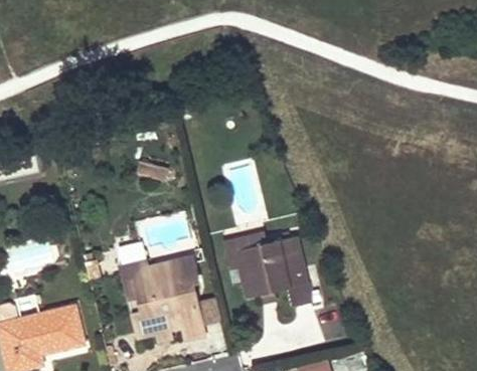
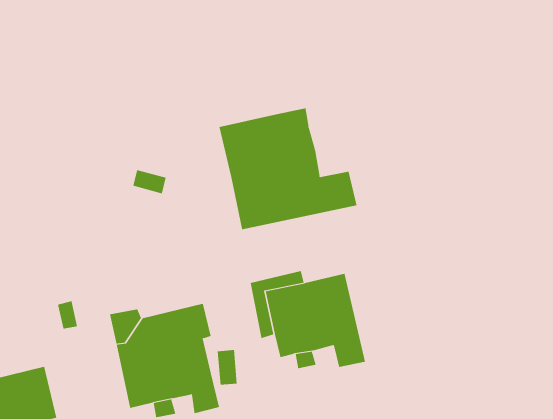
building: none -> [219,108,357,230]

